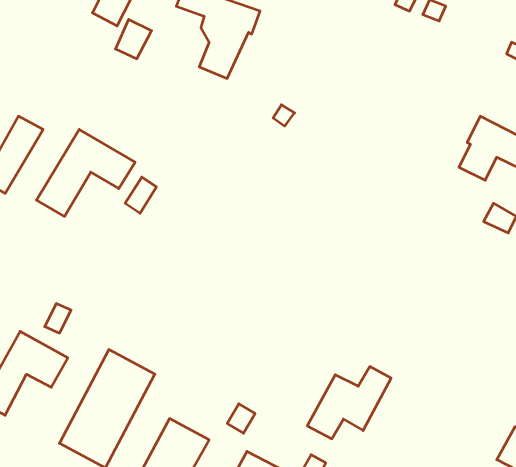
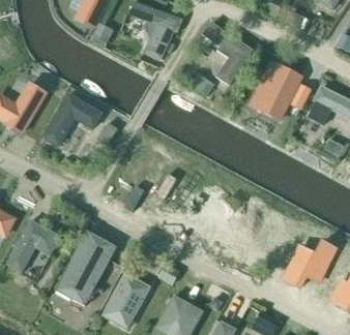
building: none -> [202,21,251,84]
building: none -> [254,62,300,119]
building: [307,367,391,439] -> [281,242,333,287]

